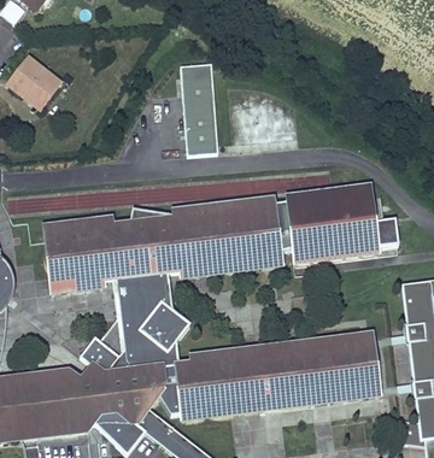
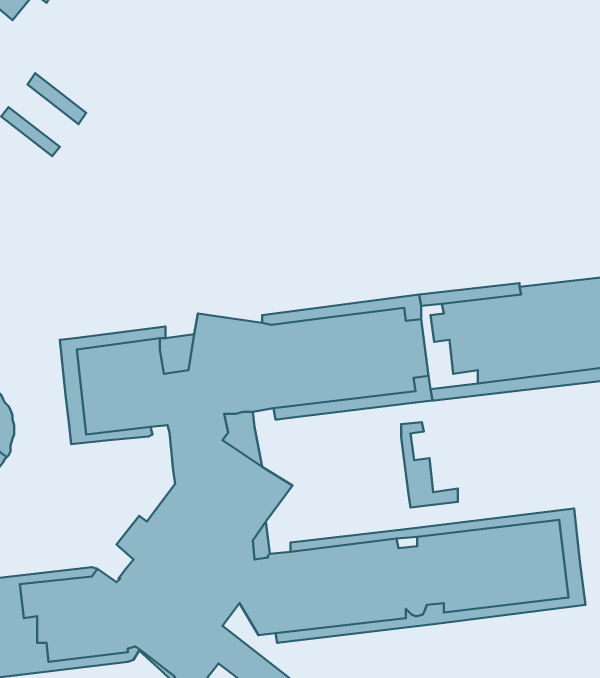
building: [11,63,55,102] -> none
building: [178,66,217,157] -> none
building: [274,202,310,257] -> [401,422,458,507]

